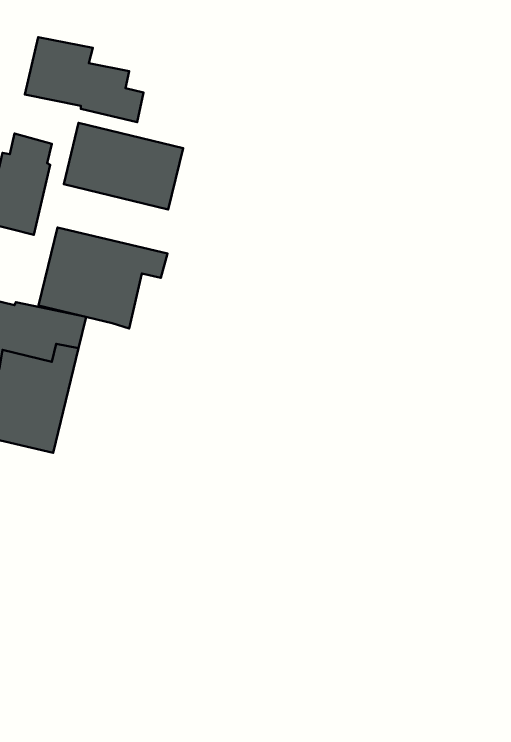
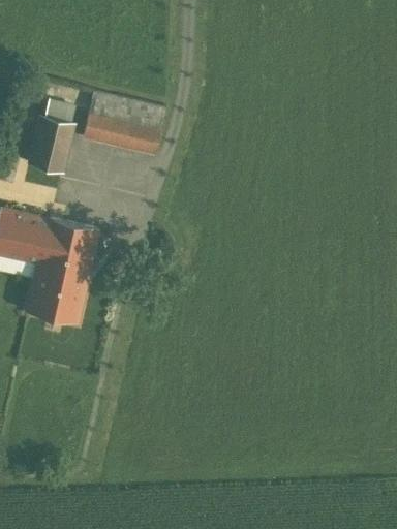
building: [25,37,144,122] -> none
building: [39,228,168,328] -> none

